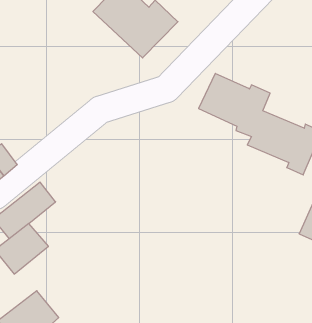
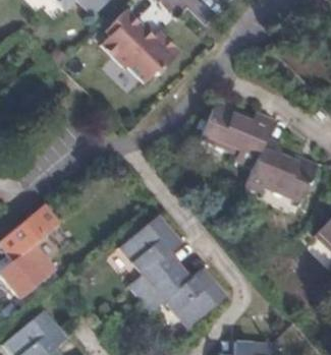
building: none -> [121,219,224,332]

